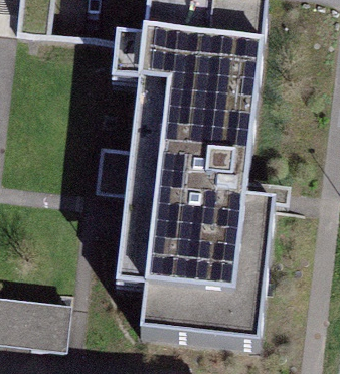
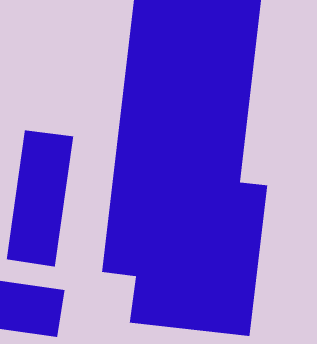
building: none -> [6,129,74,268]

